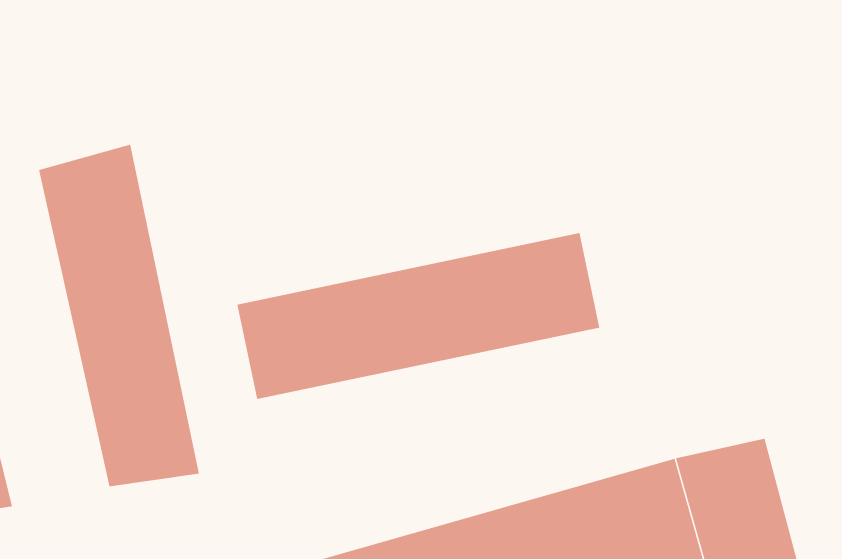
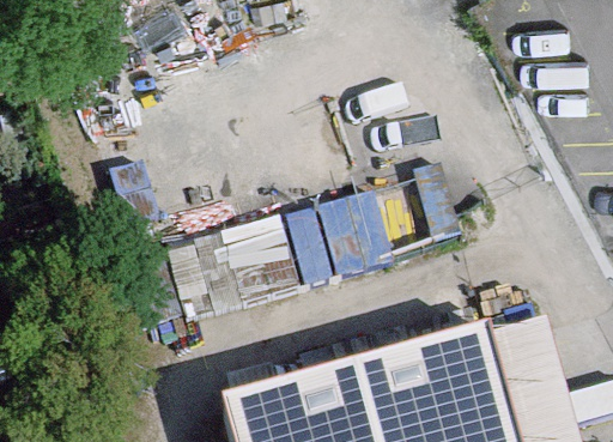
building: [39,144,199,487] -> none

